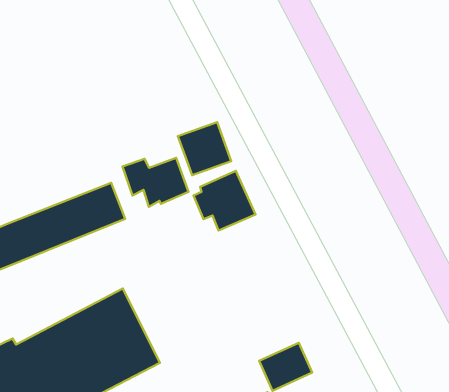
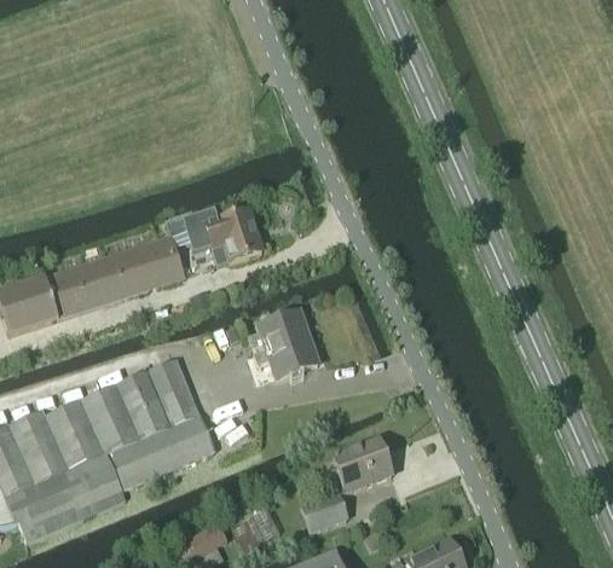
building: [178,122,231,175] -> none
building: [194,171,255,231] -> [248,311,319,379]

